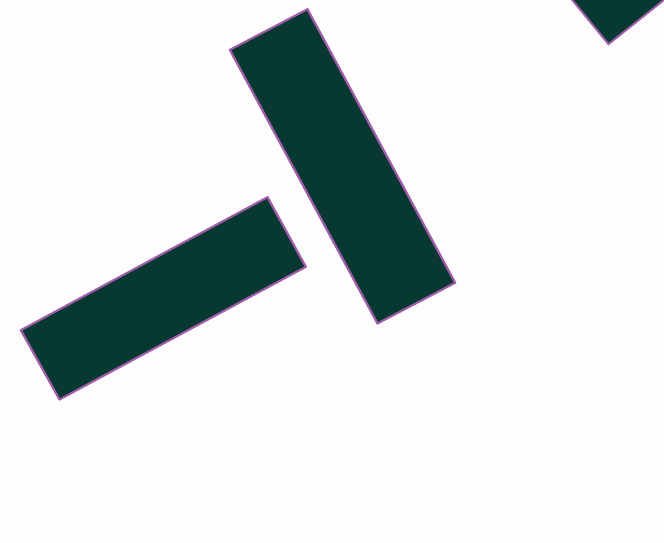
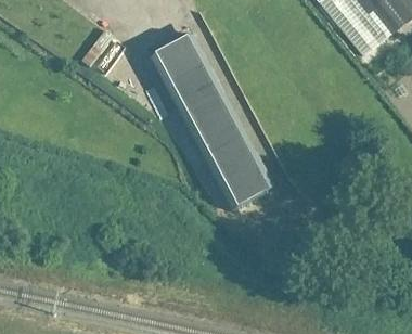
building: [21,197,306,400] -> none

